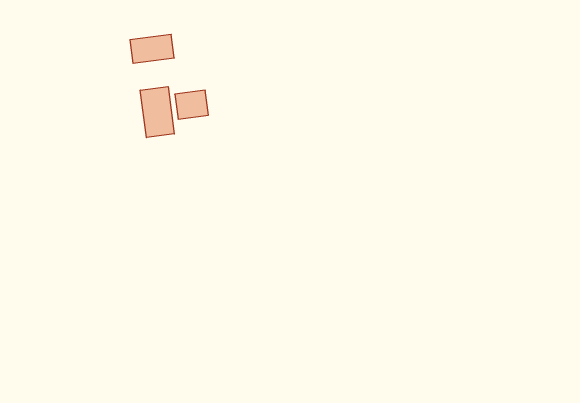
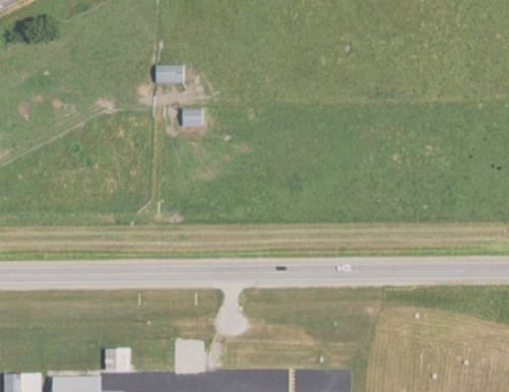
building: [140,87,174,138] -> none

